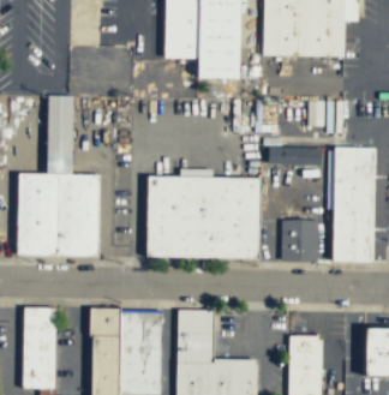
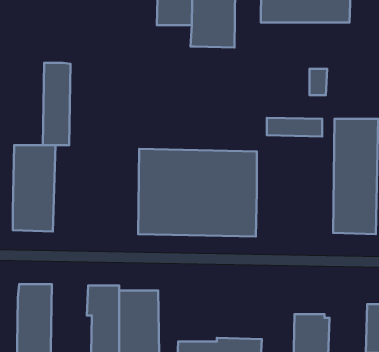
building: [61,174,104,257] -> none
building: [280,220,317,261] -> none
building: [179,307,219,363] -> none

